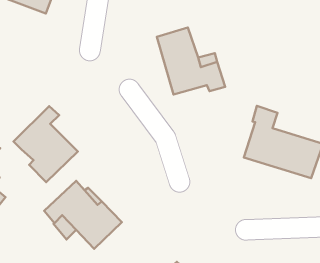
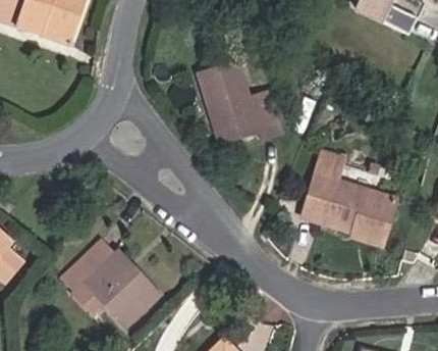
building: [13,106,78,182] -> none

